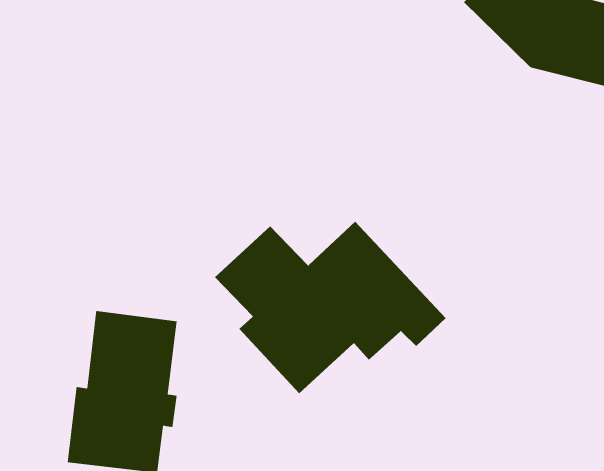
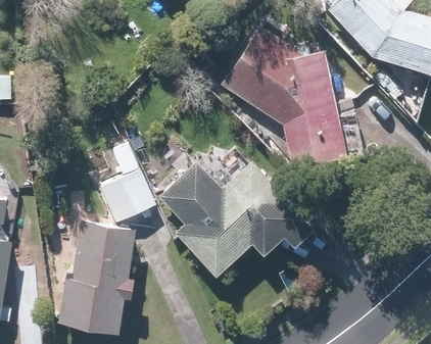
building: none -> [220,28,346,165]
building: none -> [99,170,155,224]

